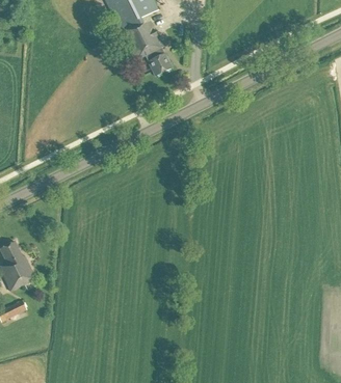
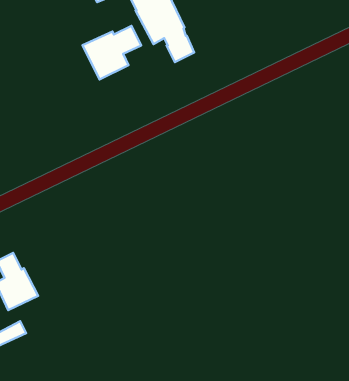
building: none -> [82,26,141,80]

